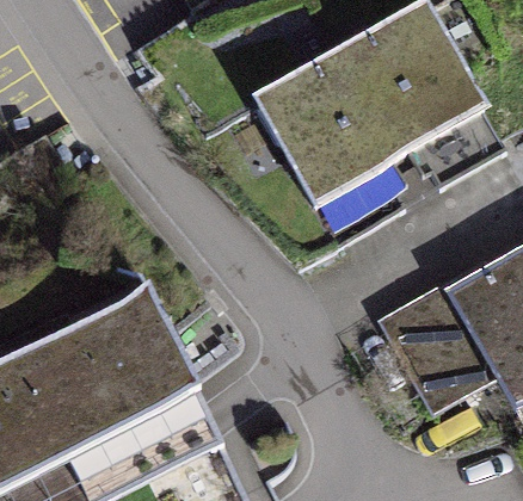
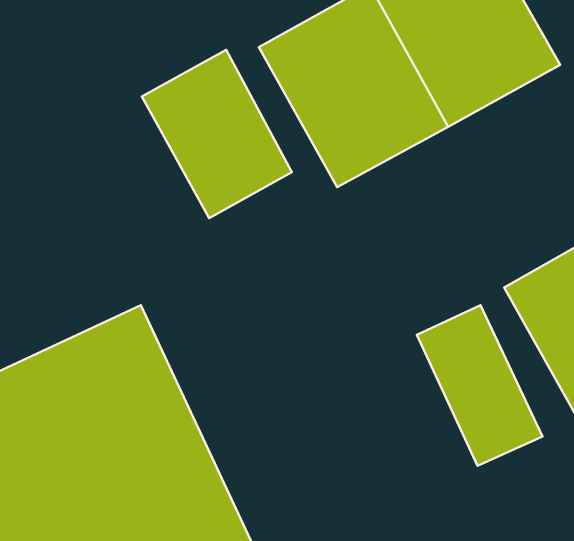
building: none -> [142,50,292,218]

